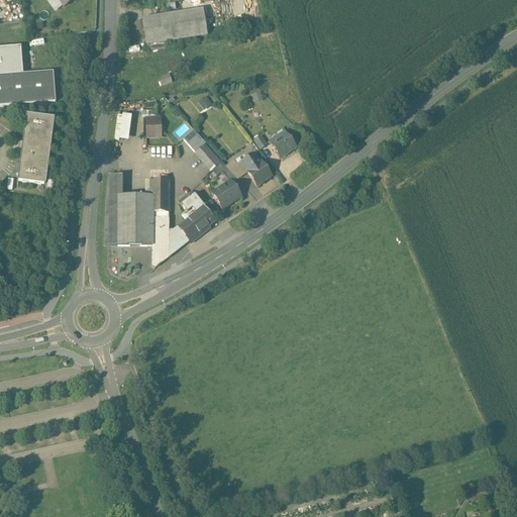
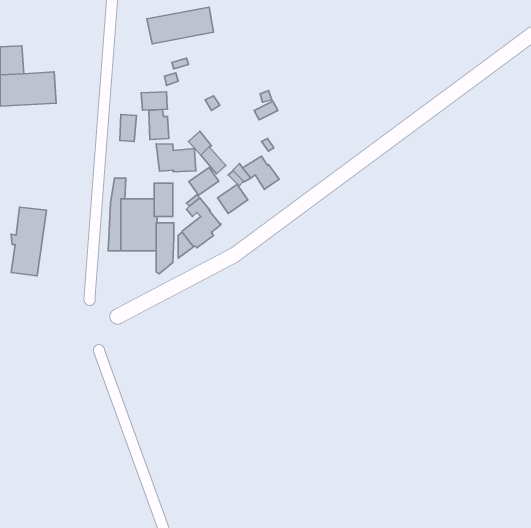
building: none -> [141,92,168,110]
building: [19,114,54,181] -> [11,207,46,276]
building: [270,128,296,156] -> none
building: none -> [156,144,196,172]
building: none -> [189,168,219,195]

